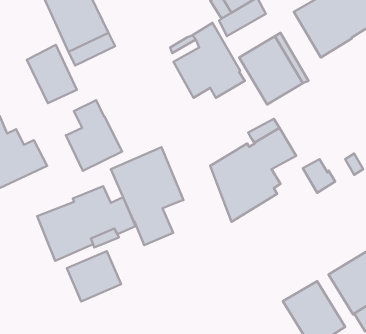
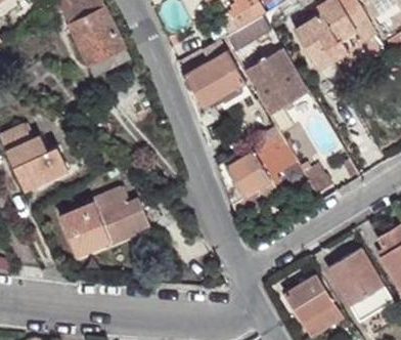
building: [27,45,77,103] -> none
building: [66,100,122,171] -> none
building: [111,147,184,245] -> none
building: [67,251,121,301] -> none

